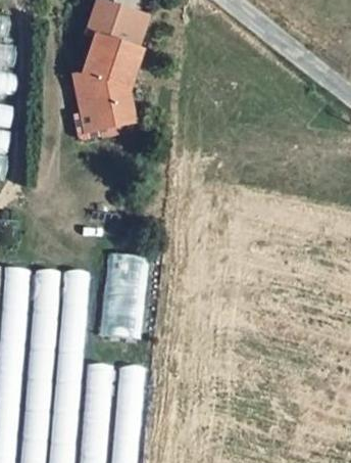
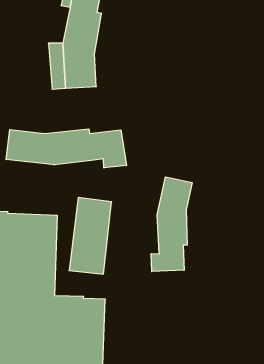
building: none -> [6,129,126,168]
building: none -> [151,177,192,272]

